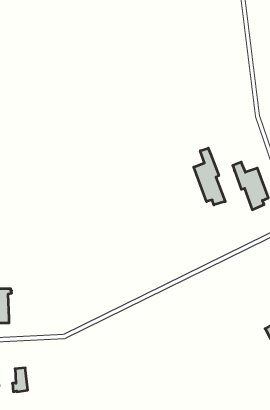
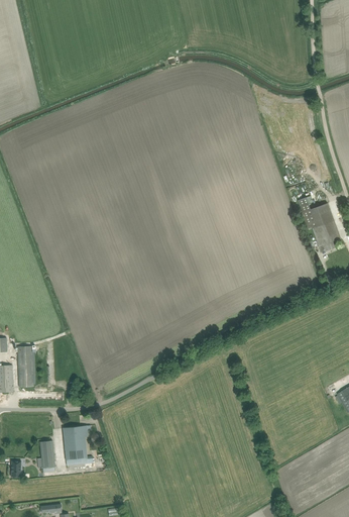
building: [194,148,225,205] -> none
building: none -> [63,425,93,466]

